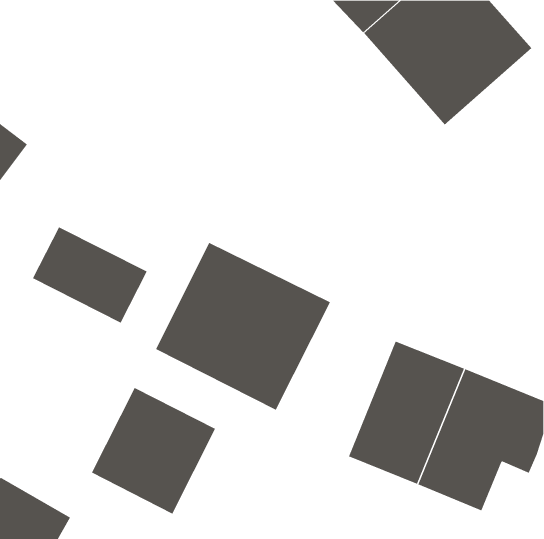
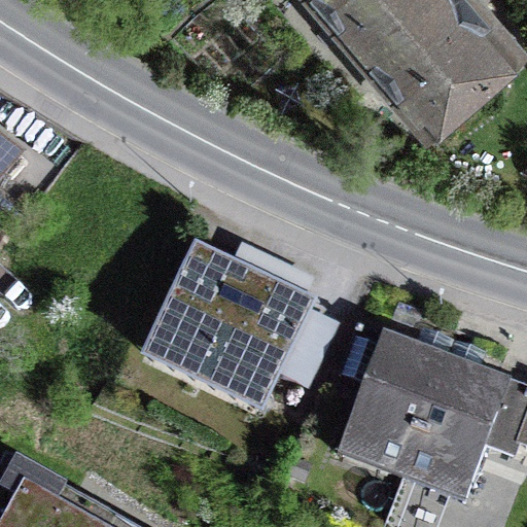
building: [32,227,147,323] -> none
building: [91,387,216,514] -> none

